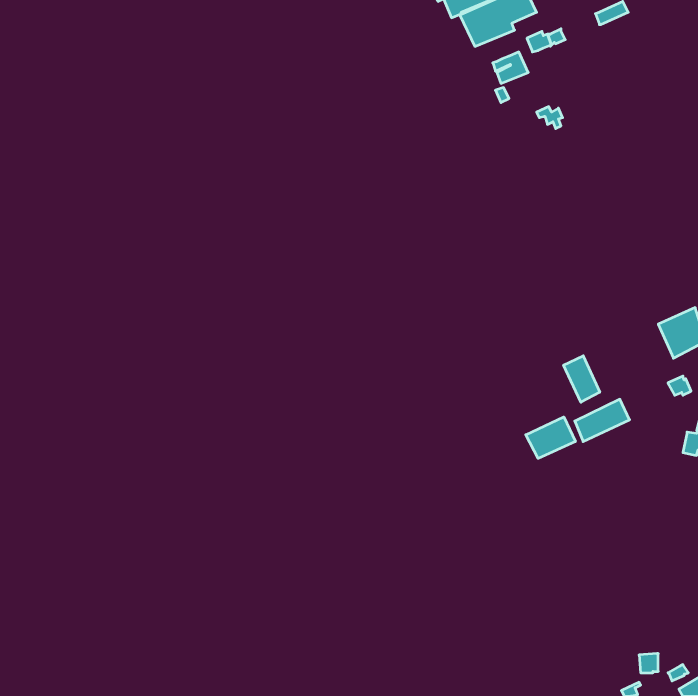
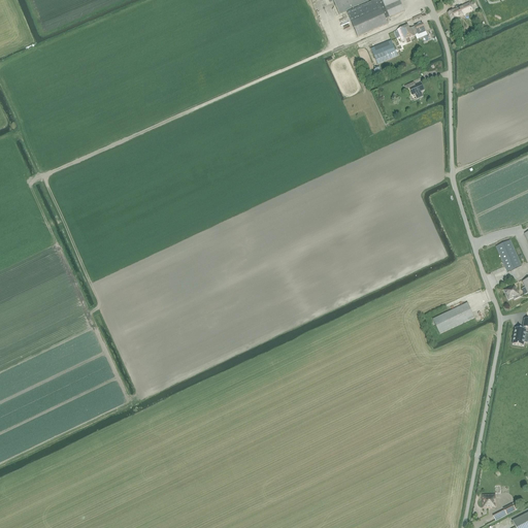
building: [564,356,600,402] -> none
building: [526,417,575,458] -> none

